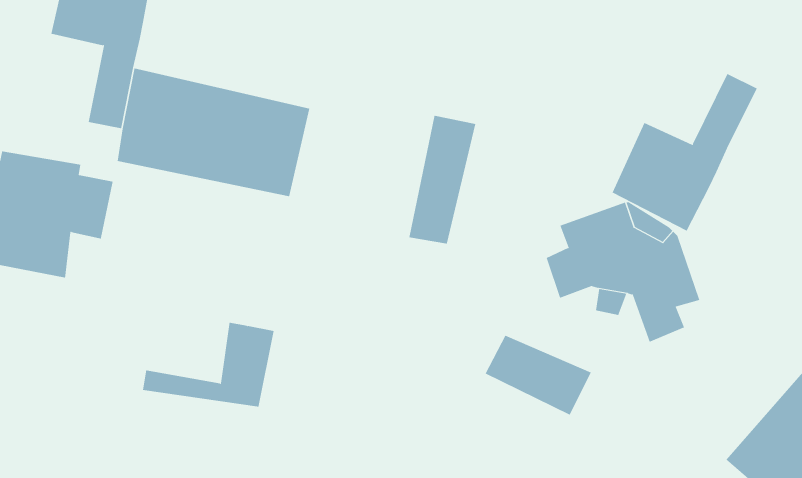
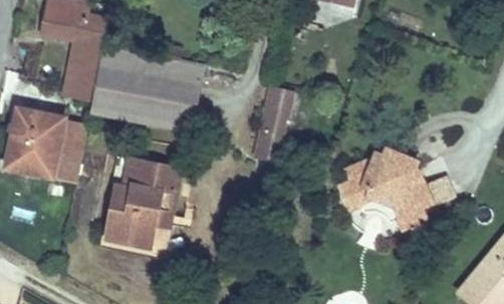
building: [612,73,757,232] -> none
building: none -> [103,156,171,243]
building: [485,335,591,416] -> none

